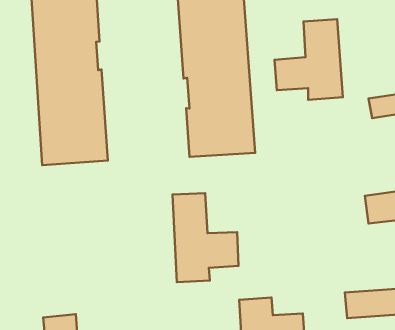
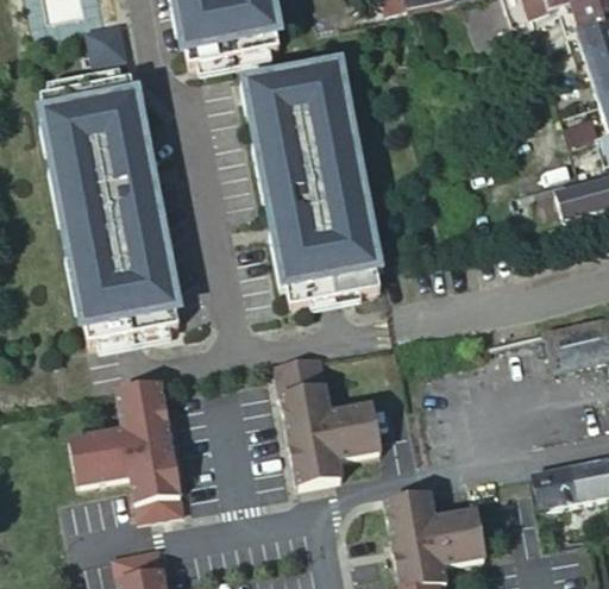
building: [275,19,343,100] -> none
building: none -> [69,378,182,515]

